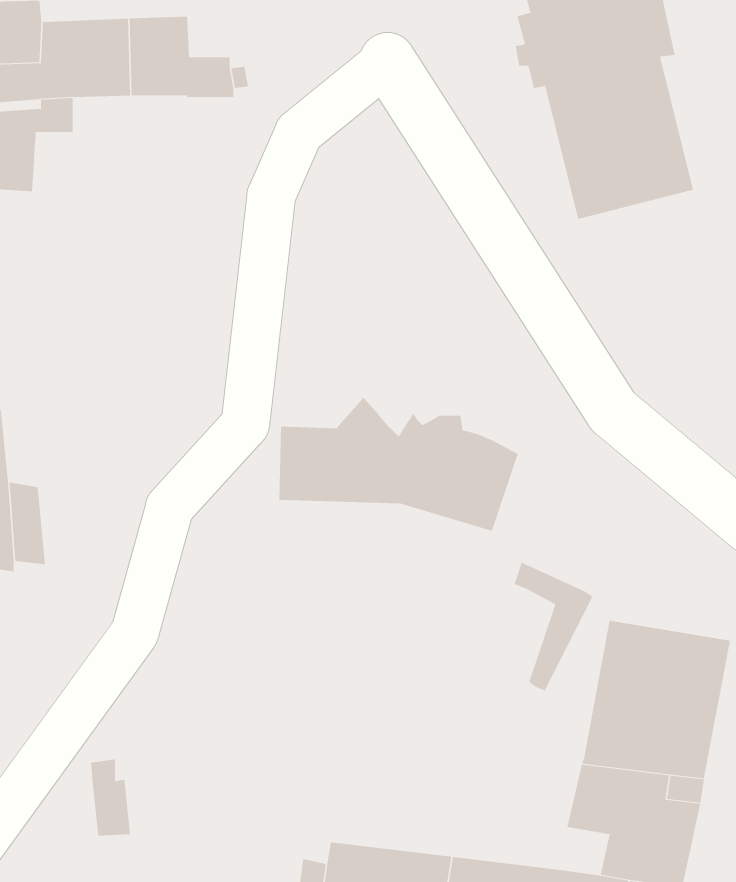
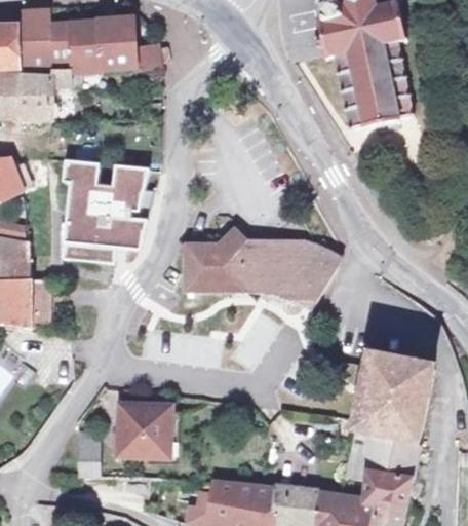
building: none -> [60,152,155,261]
building: [514,562,593,691] -> [294,238,338,310]
building: none -> [118,402,179,454]

